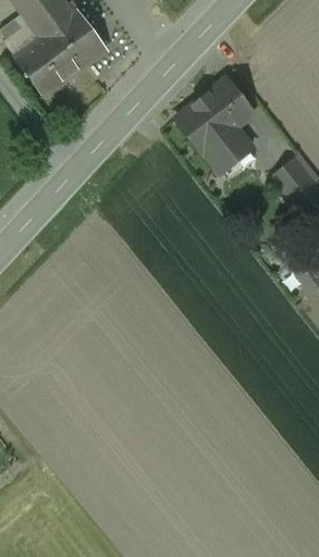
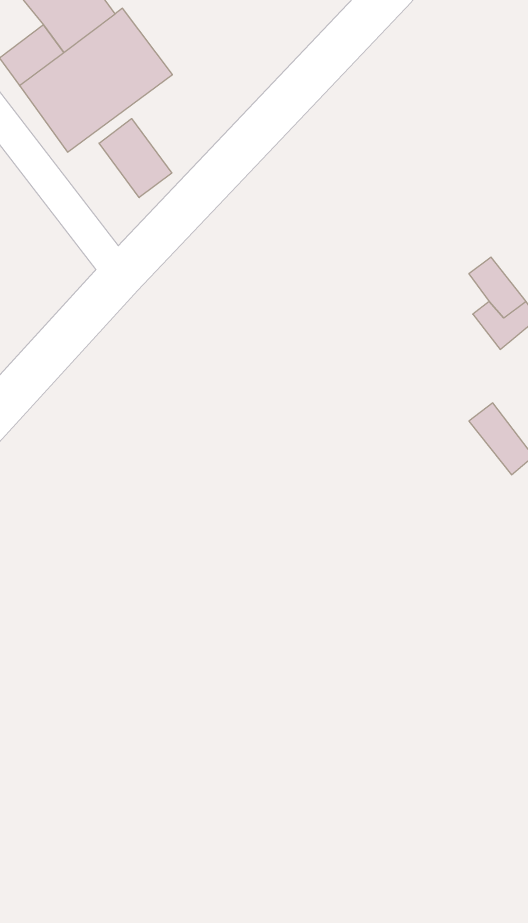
building: none -> [99,119,172,198]
building: [175,79,253,173] -> none

